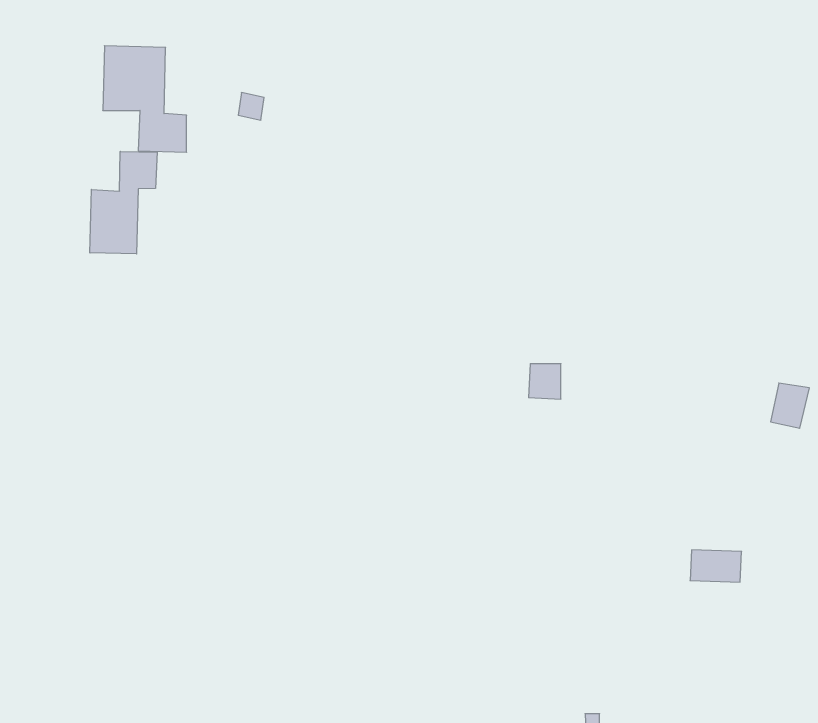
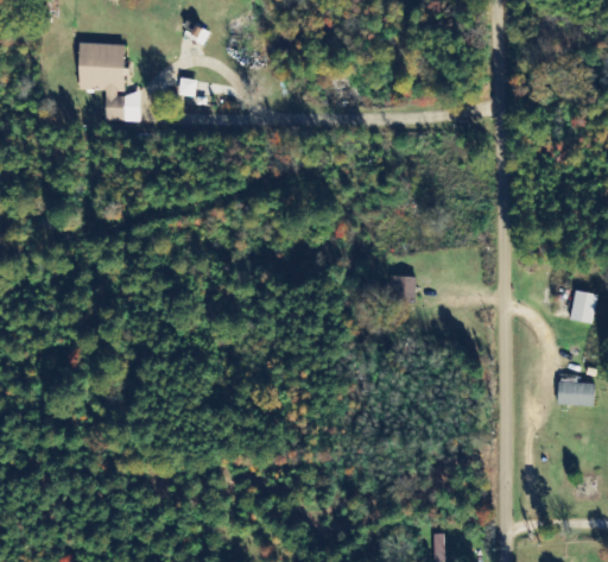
building: [90,151,157,254] -> none
building: [690,550,742,582] -> [557,381,595,405]

